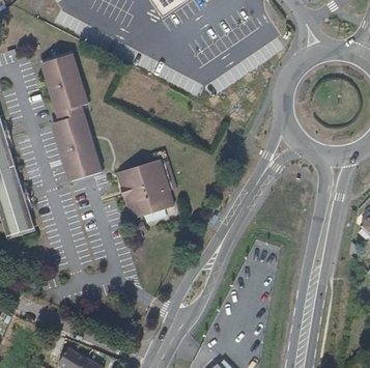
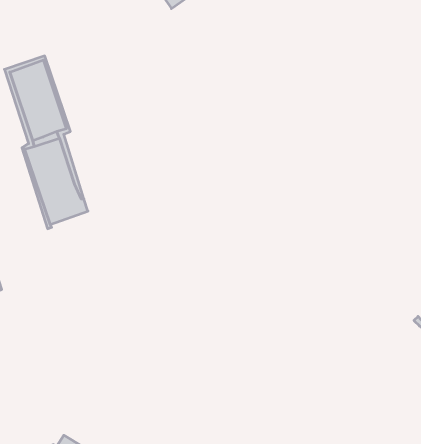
building: [117,159,177,219] -> none

